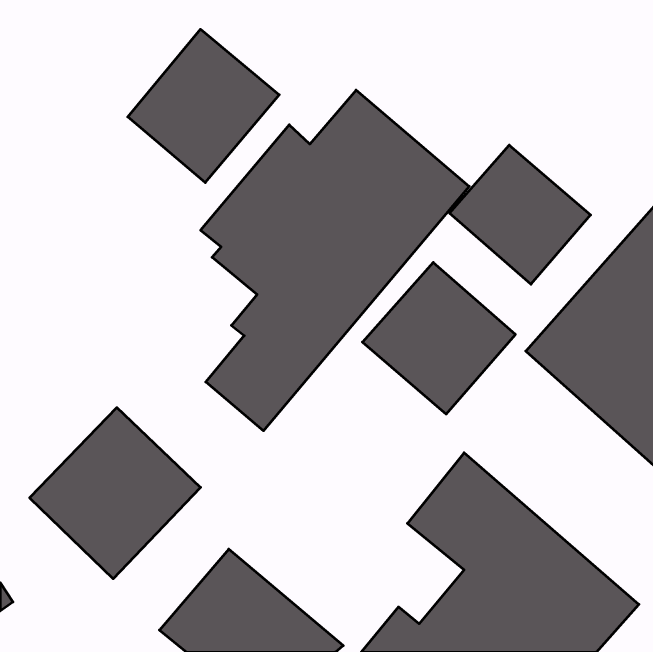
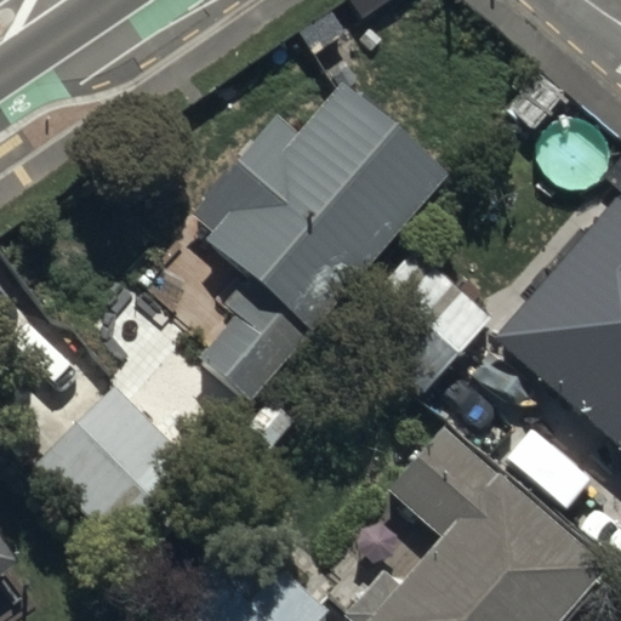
building: [128,29,279,183] -> none
building: [450,145,591,284] -> none

